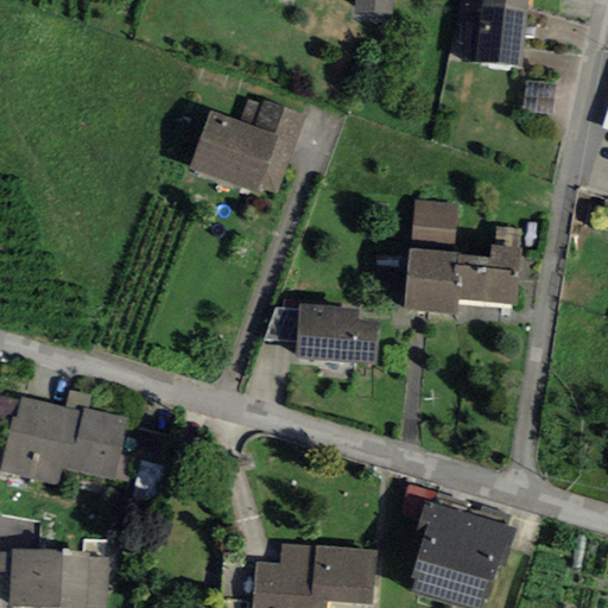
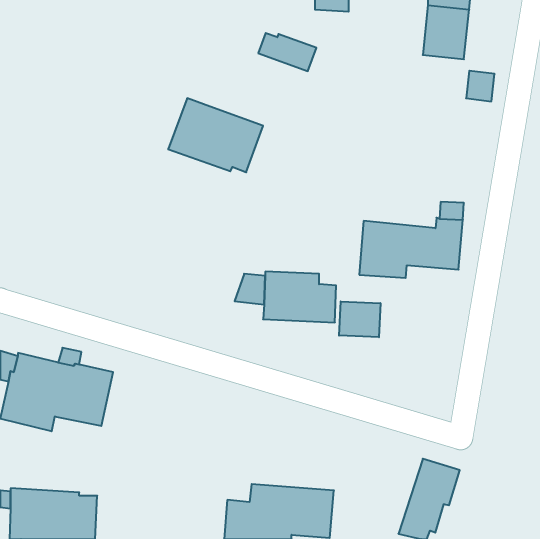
building: [240,99,305,141] -> [258,33,316,71]
building: [411,201,457,242] -> none
building: none -> [339,301,380,337]
building: [414,502,475,600] -> none

